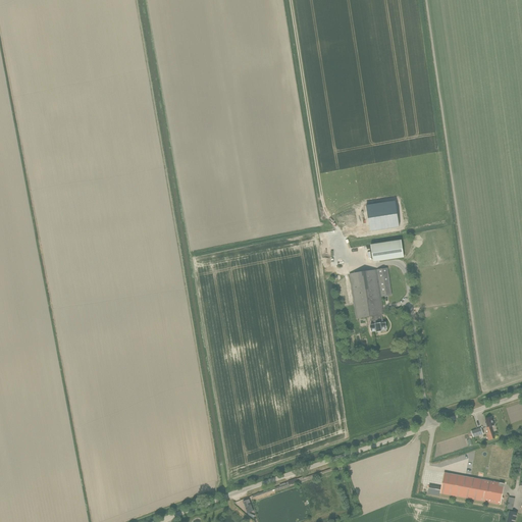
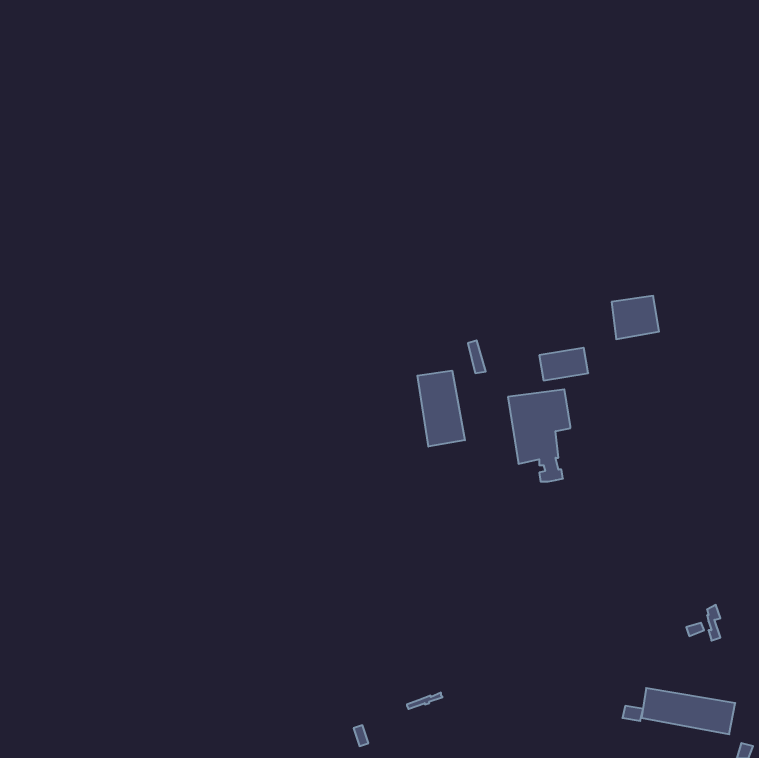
building: [366,201,399,230] -> [612,296,659,339]
building: none -> [417,371,465,447]

